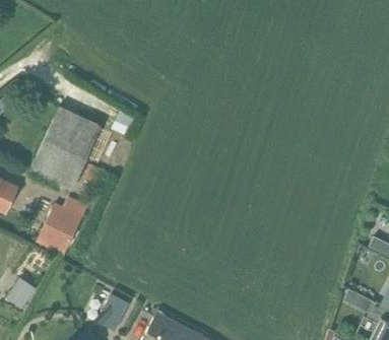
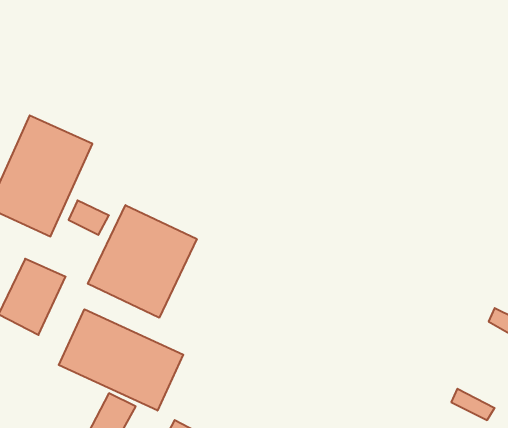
building: none -> [88,205,197,318]
building: none -> [59,309,183,411]

